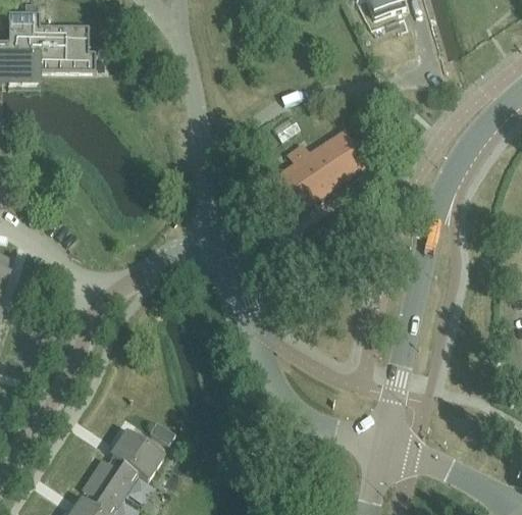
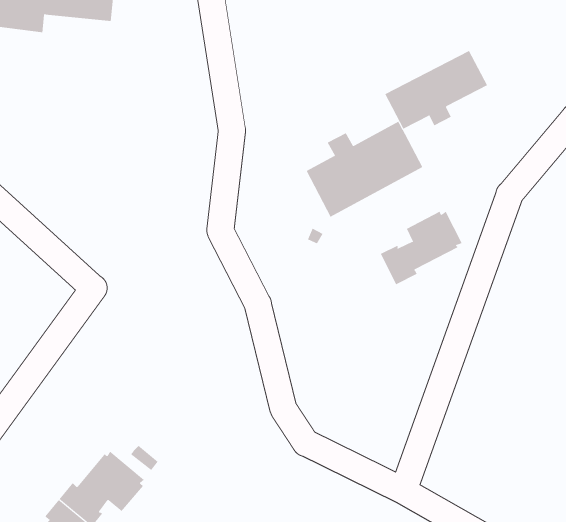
building: none -> [384,50,488,129]
building: none -> [380,211,462,285]

